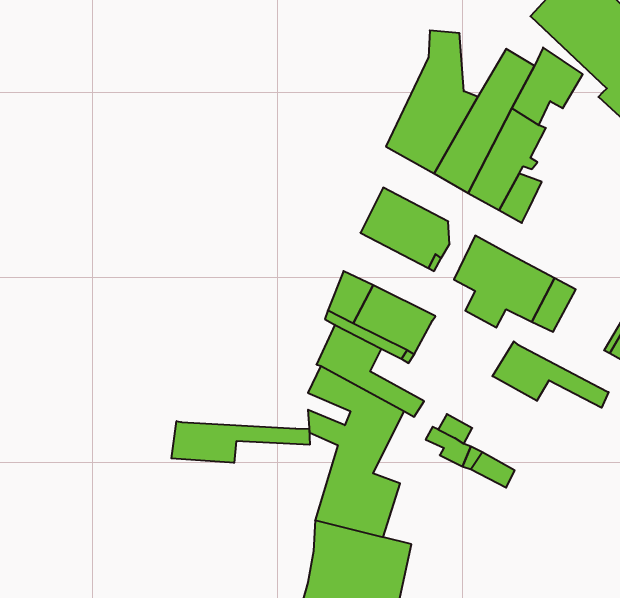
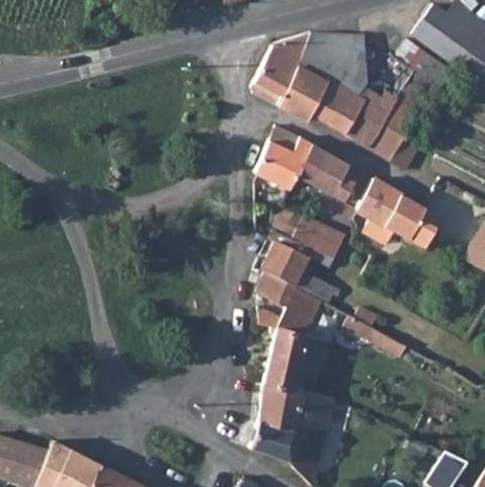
building: none -> [257,29,344,124]
building: none -> [255,128,311,188]
building: [492,341,609,408] -> none
building: [171,421,310,463] -> none

